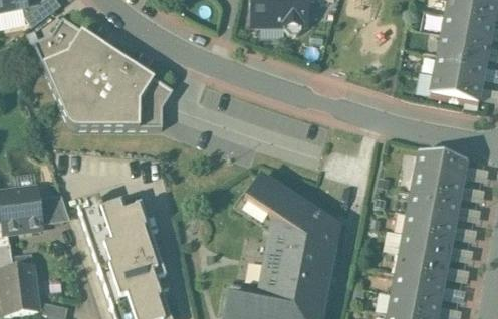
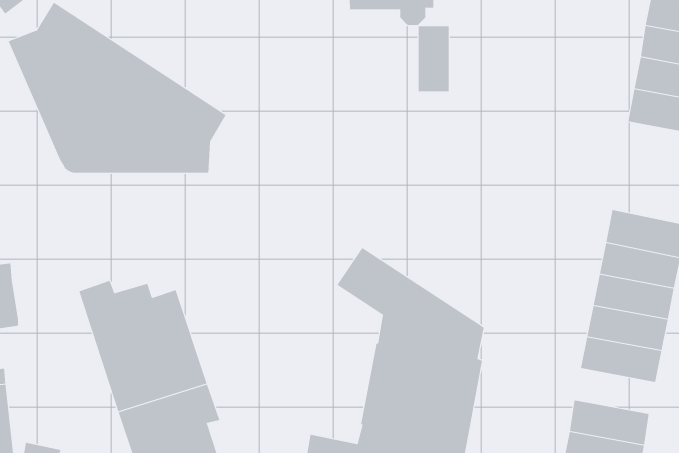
building: none -> [418,25,449,92]
building: [37,192,64,220] -> none
building: [396,251,448,280] -> none

